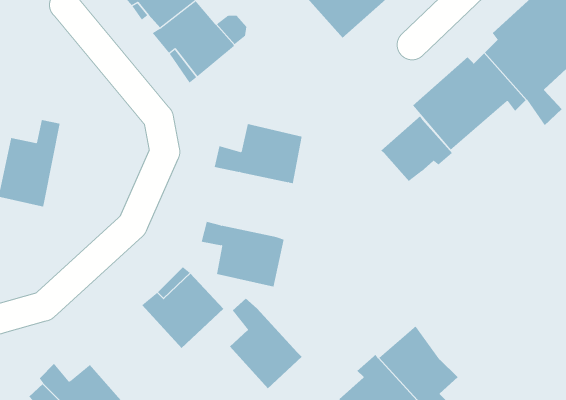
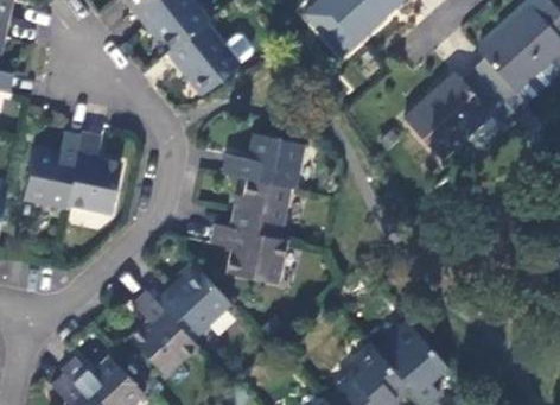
building: [381,116,453,182] -> none
building: none -> [66,127,121,215]
building: none -> [229,178,291,238]
building: [229,298,303,389] -> [129,291,197,375]

